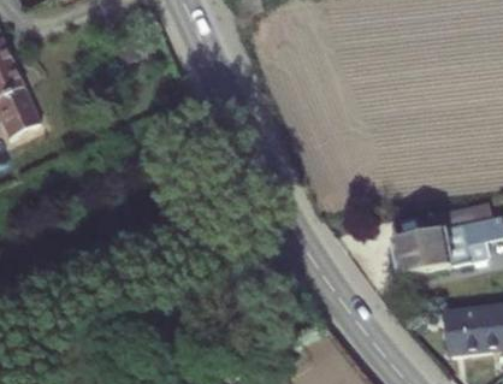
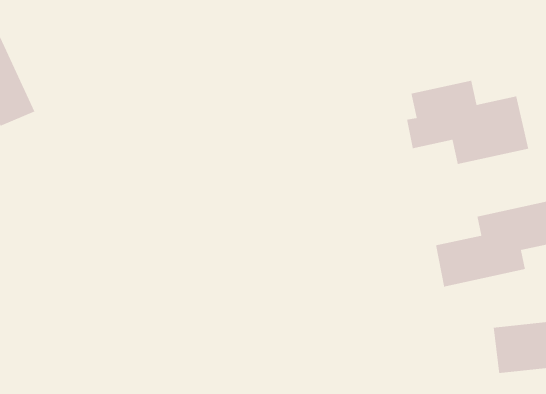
building: none -> [406,80,529,165]

